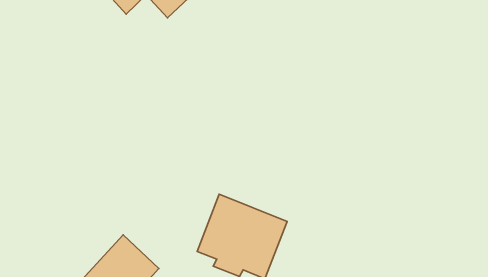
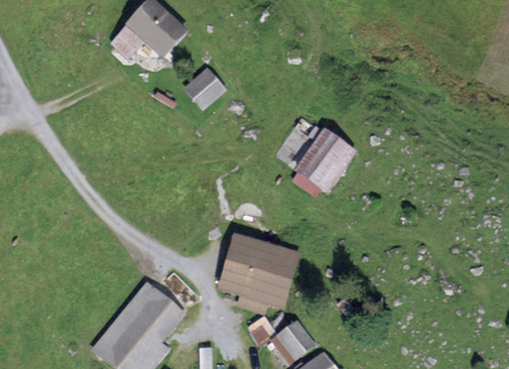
building: none -> [183,69,225,108]
building: none -> [297,129,355,188]

